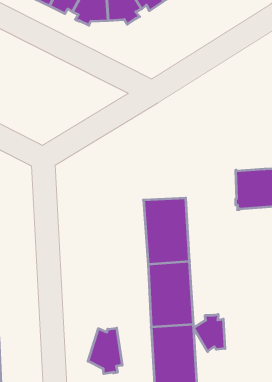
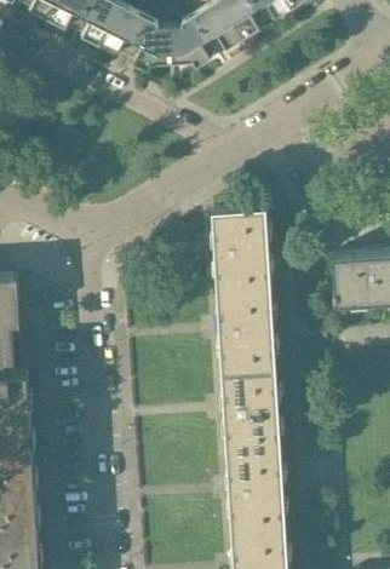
building: none -> [212,206,270,291]
building: [194,314,225,352] -> none
building: [88,328,122,374] -> none

